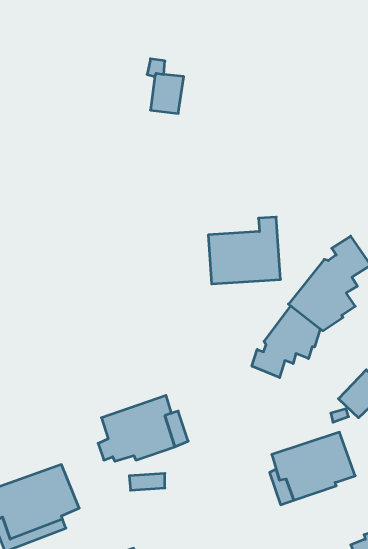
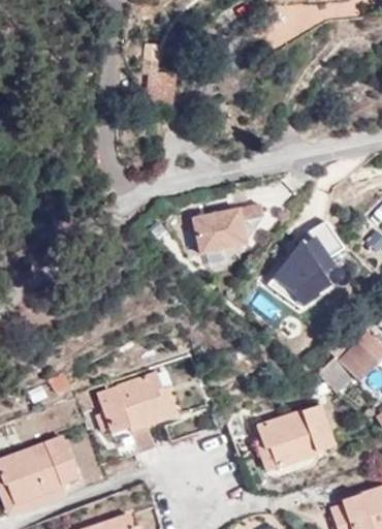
building: [252,306,320,378] -> none

